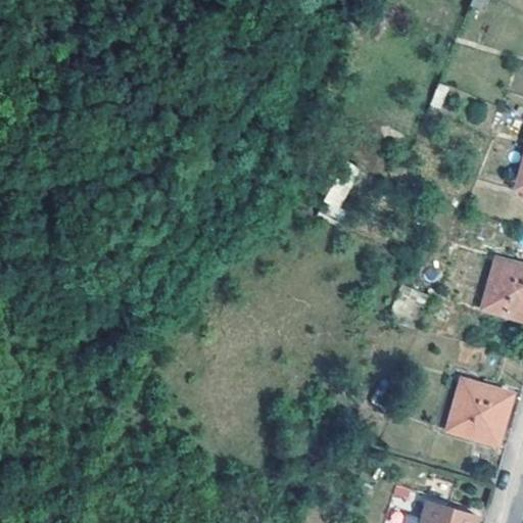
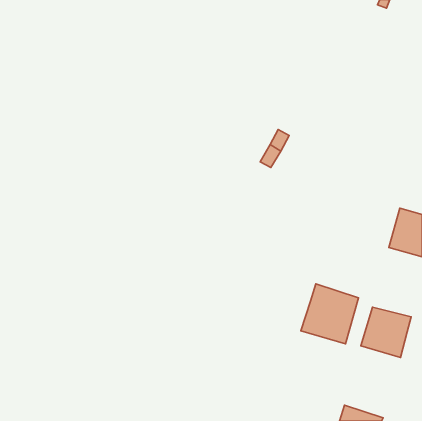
building: none -> [301,284,359,344]

